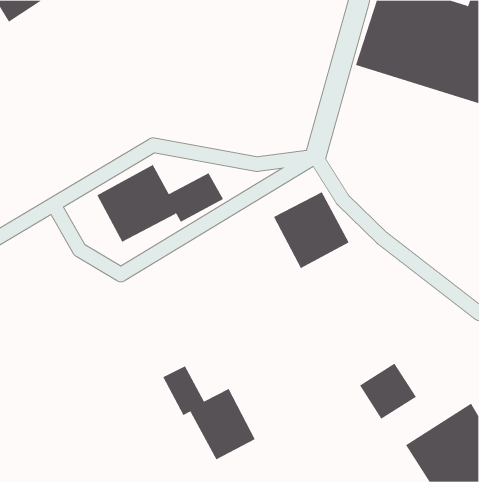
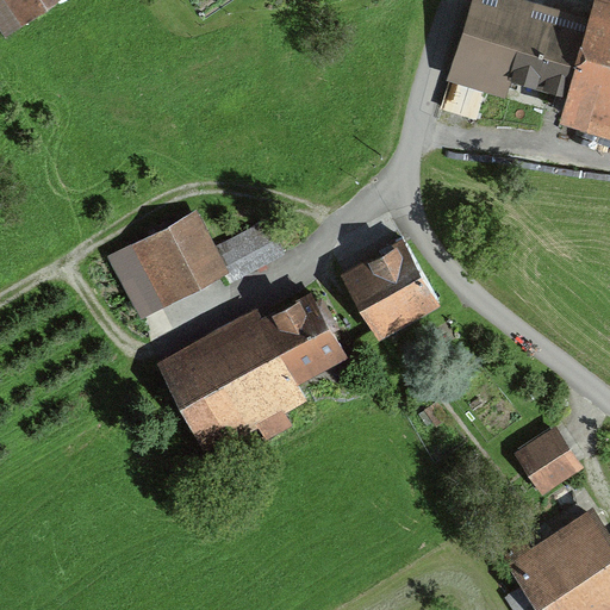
building: none -> [155,292,343,453]
building: [359,363,417,419] -> [511,425,584,497]
building: [163,366,256,460] -> none

